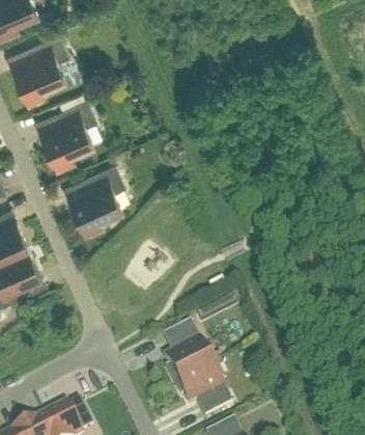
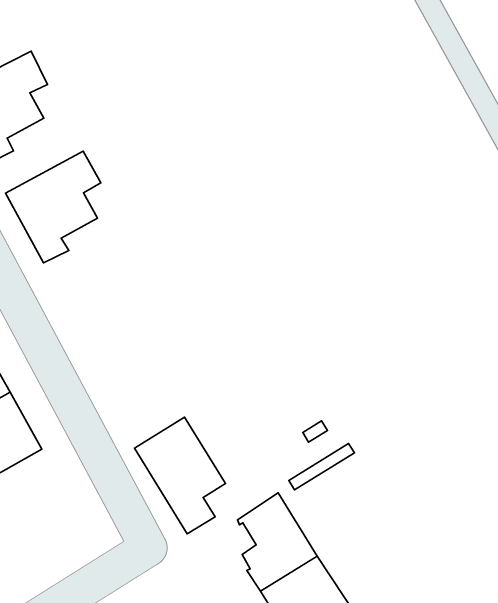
building: [65,168,125,237] -> none
building: none -> [134,417,225,534]

